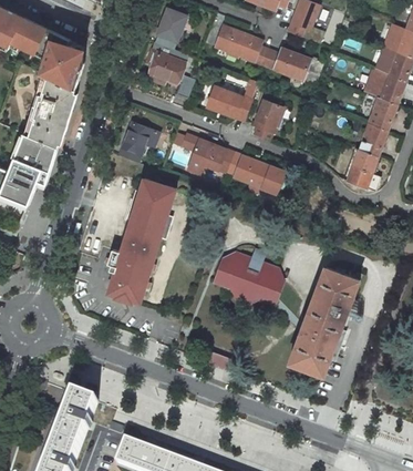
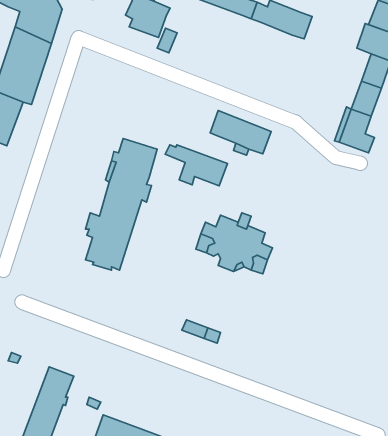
building: [205,80,257,121] -> none
building: [252,95,281,141] -> none
building: [118,122,157,162] -> none
building: [174,134,233,173] -> [165,145,227,186]
building: [289,267,359,376] -> none

